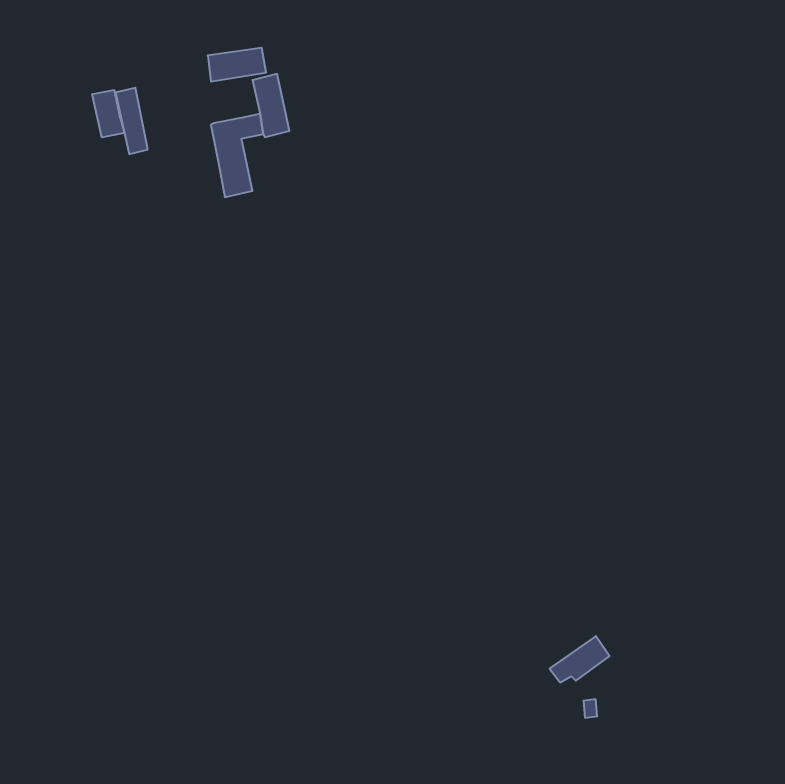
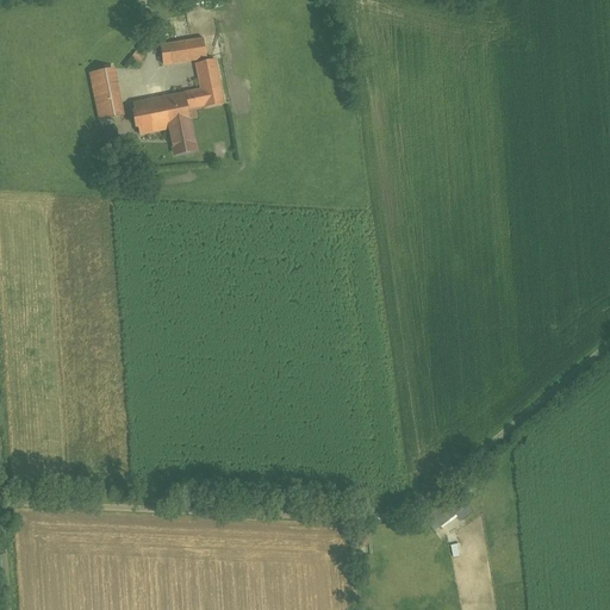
building: [92,90,124,137] -> none
building: none -> [132,97,169,132]

